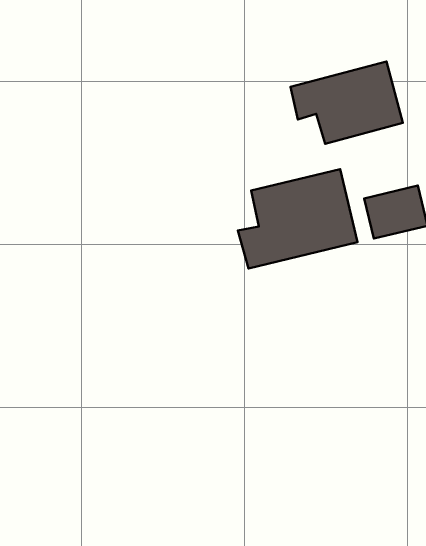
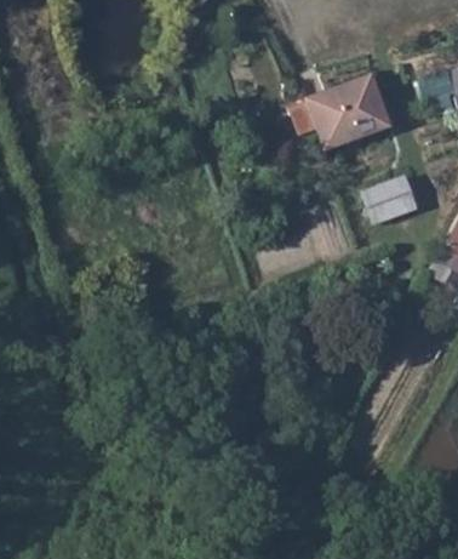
building: [238,169,358,269] -> none

